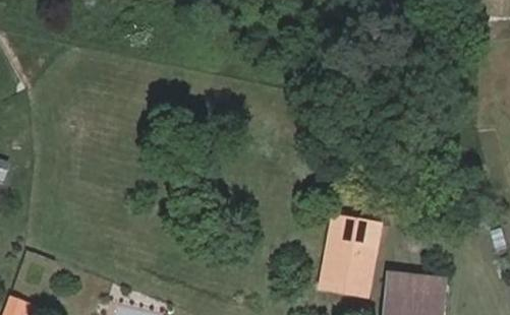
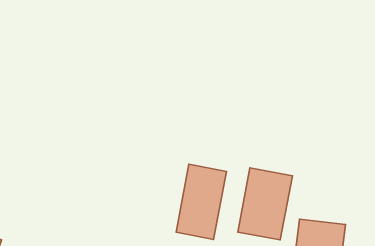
building: none -> [176,164,226,239]

